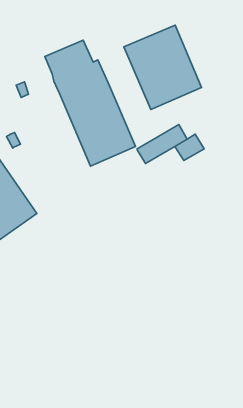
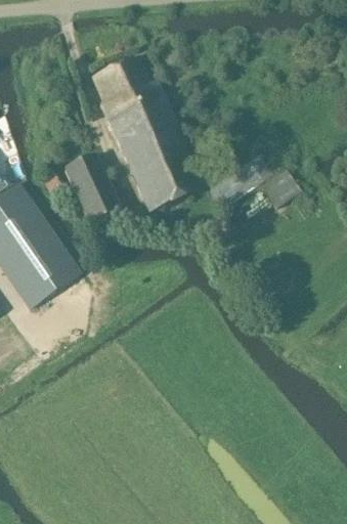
building: [124,25,202,110] -> none
building: none -> [63,154,120,222]

